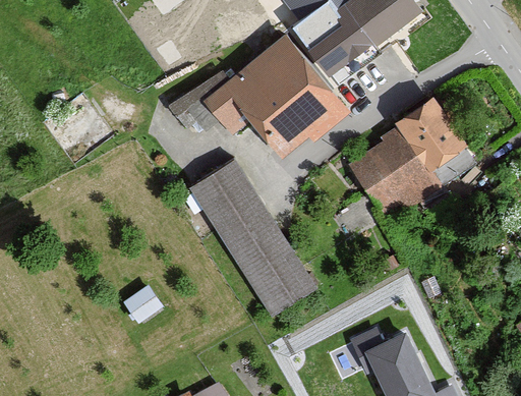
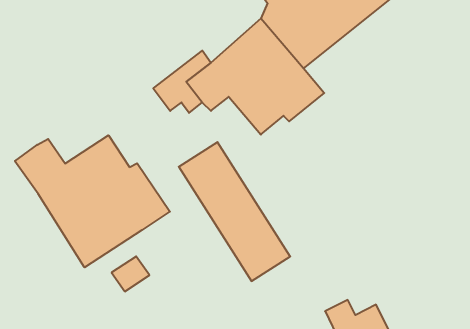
building: [350,91,467,223] -> none
building: none -> [15,135,170,267]

